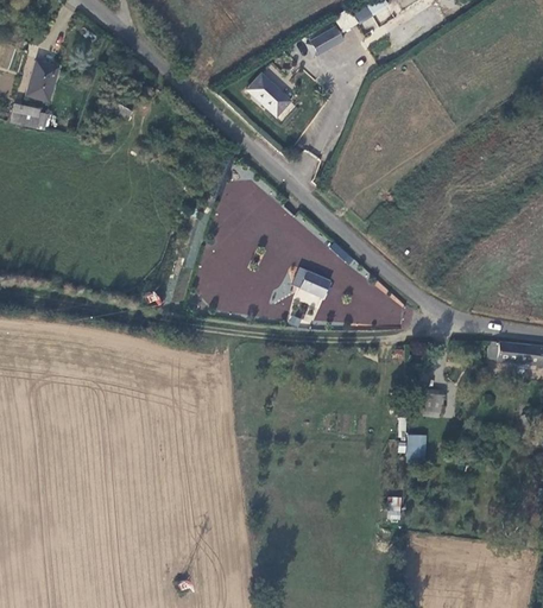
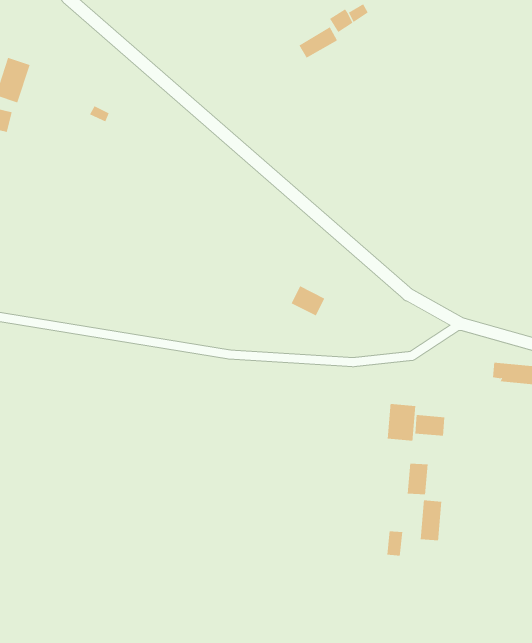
building: [246,75,291,118] -> none
building: none -> [387,403,416,441]
building: none -> [420,500,442,541]

